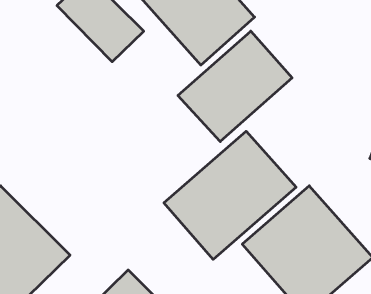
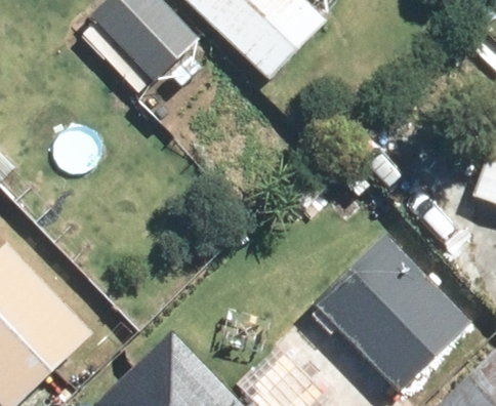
building: [178,31,292,142] -> none
building: [164,131,296,259] -> none

